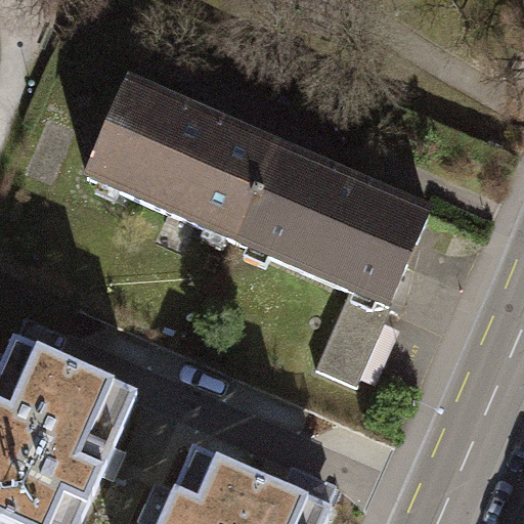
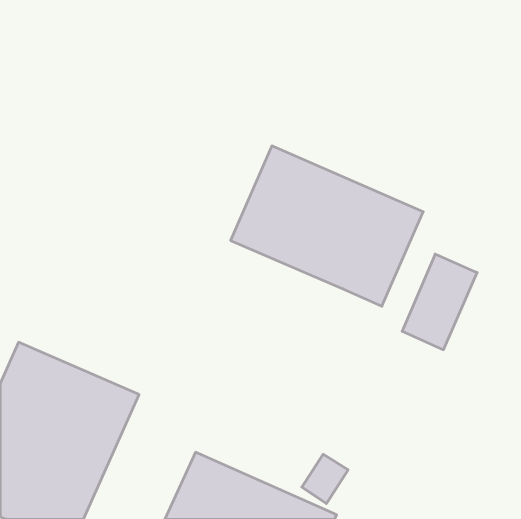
building: [84,80,275,239] -> none
building: [313,288,388,383] -> [402,254,477,350]

